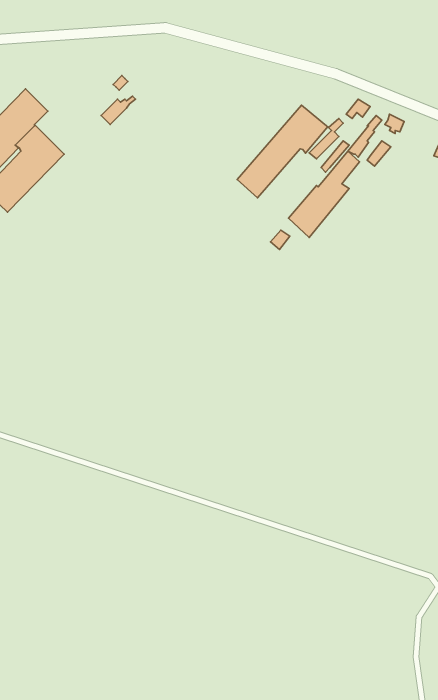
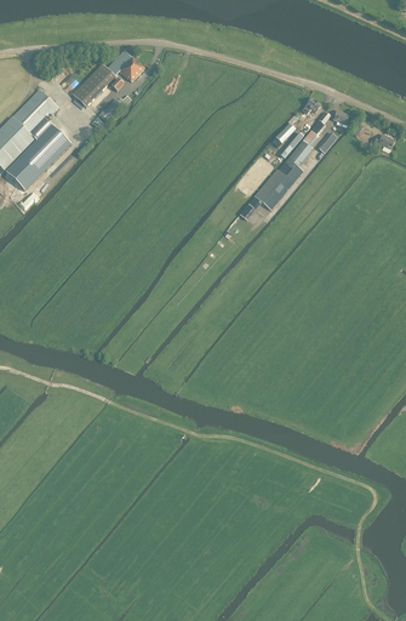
building: none -> [72,49,143,106]
building: [237,105,328,198] -> none

